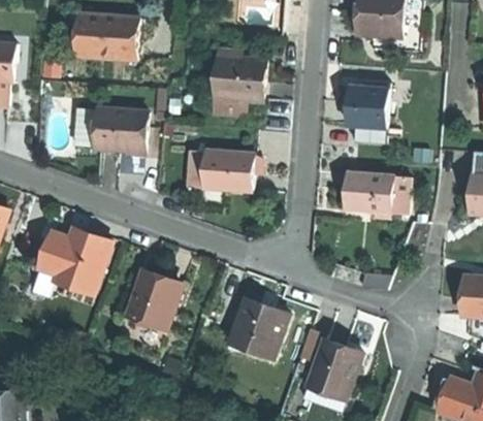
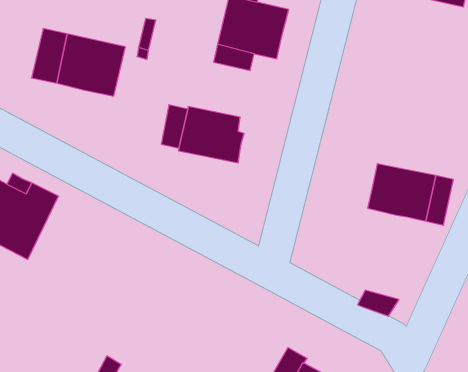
building: [346,86,388,128] -> none
building: [126,271,179,328] -> none
building: [231,296,287,348] -> none

